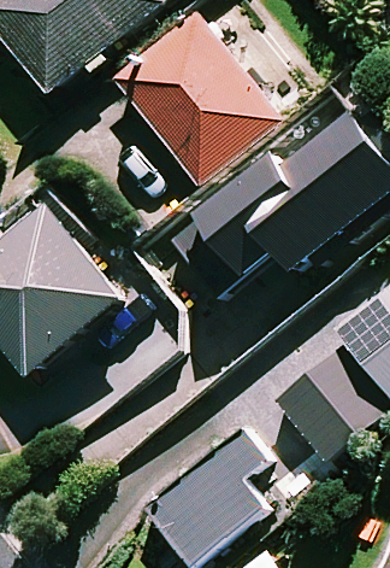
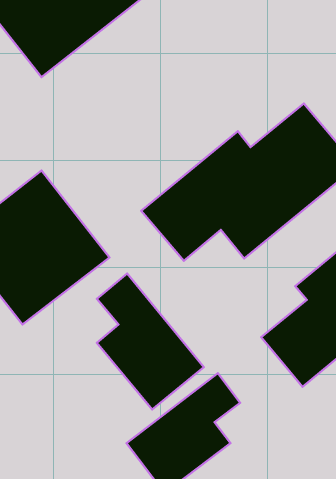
building: [117,17,280,185] -> none
building: none -> [97,274,204,410]

